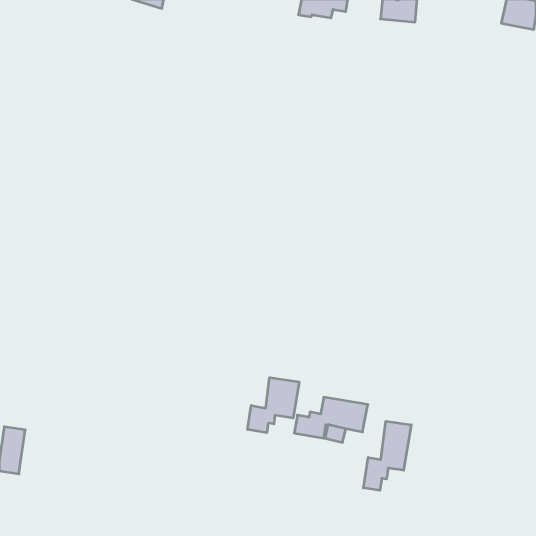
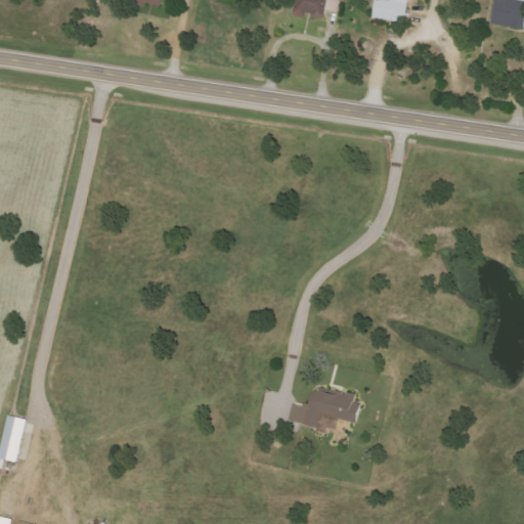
building: [248,378,299,433] -> none
building: [363,421,411,490] -> none

